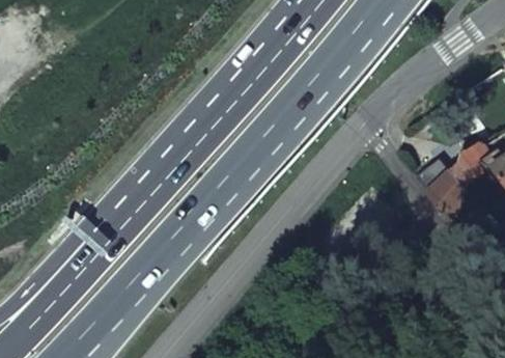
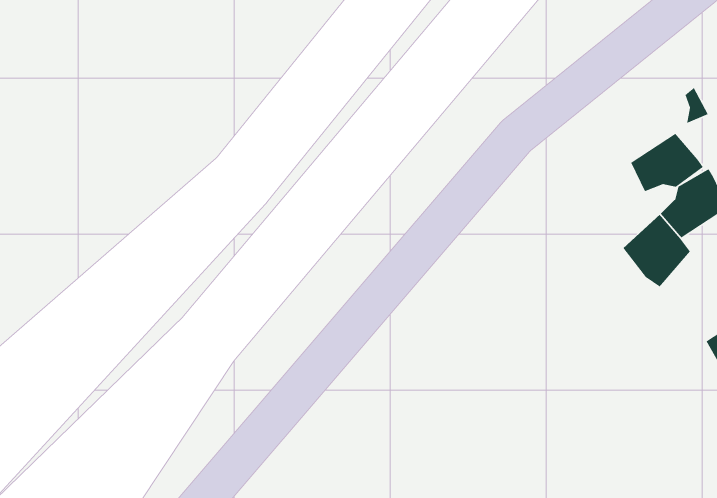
building: none -> [630,133,704,192]

